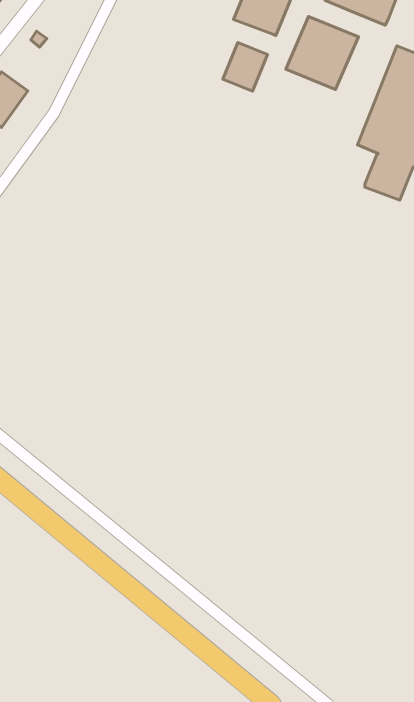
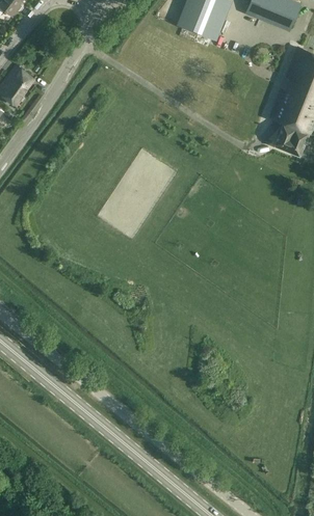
building: [286,16,358,90] -> none
building: [223,43,267,91] -> none

